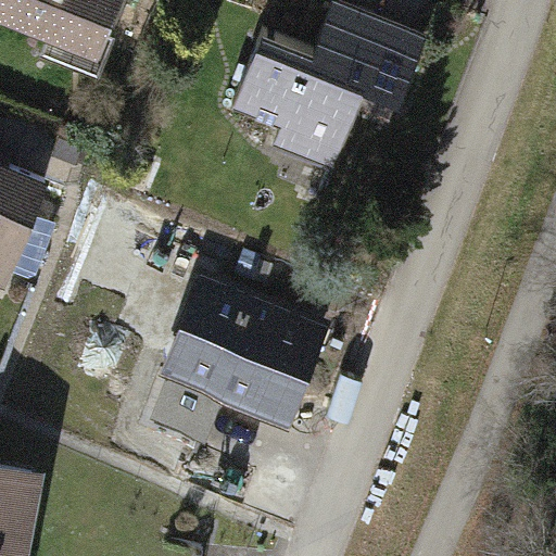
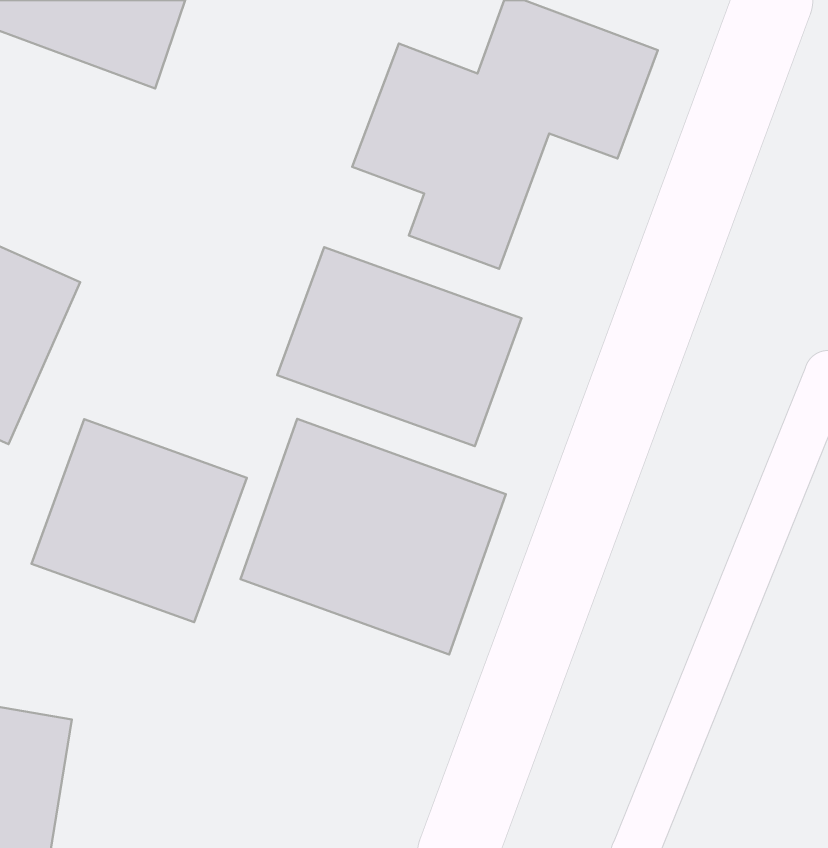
building: none -> [277,247,522,446]
building: none -> [31,419,247,622]

